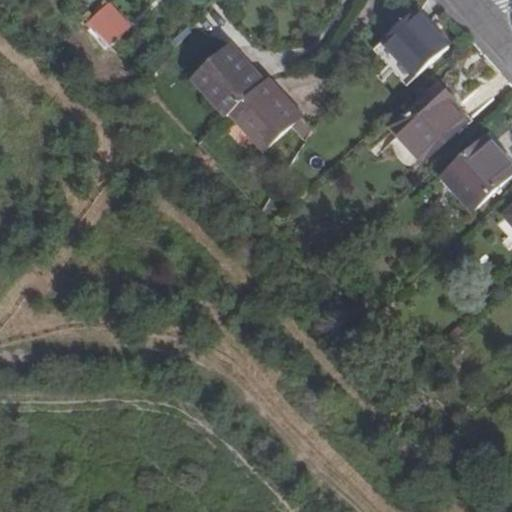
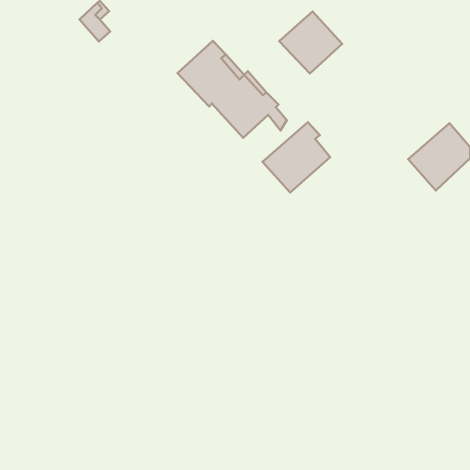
building: [380,10,448,77] -> [279,12,342,74]
building: [391,84,464,160] -> [263,122,330,192]

